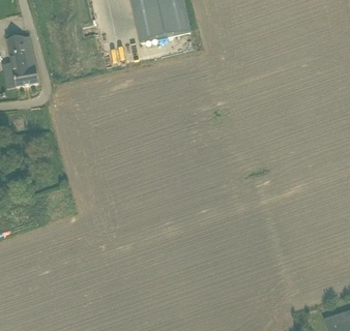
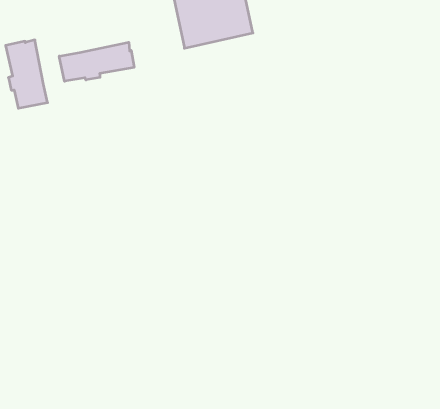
building: none -> [59,42,134,81]

